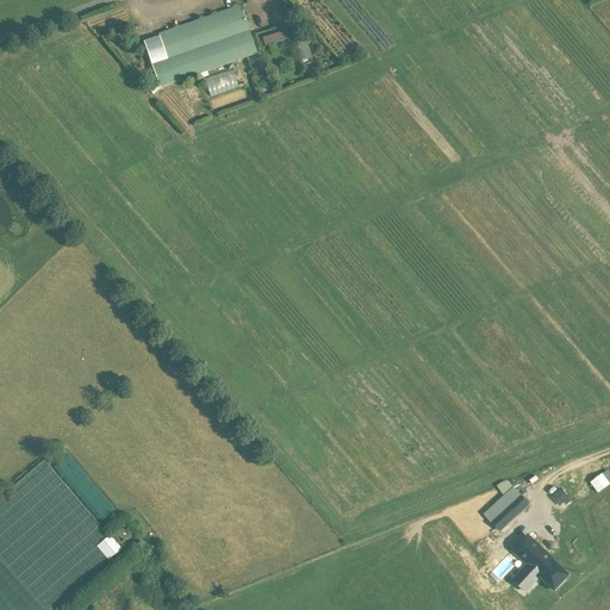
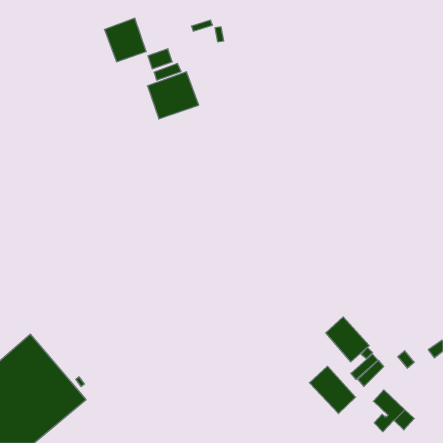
building: [185,6,255,70] -> [147,72,199,119]
building: none -> [326,317,369,362]
building: none -> [309,366,356,414]

